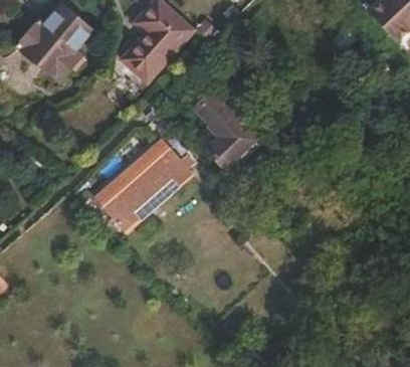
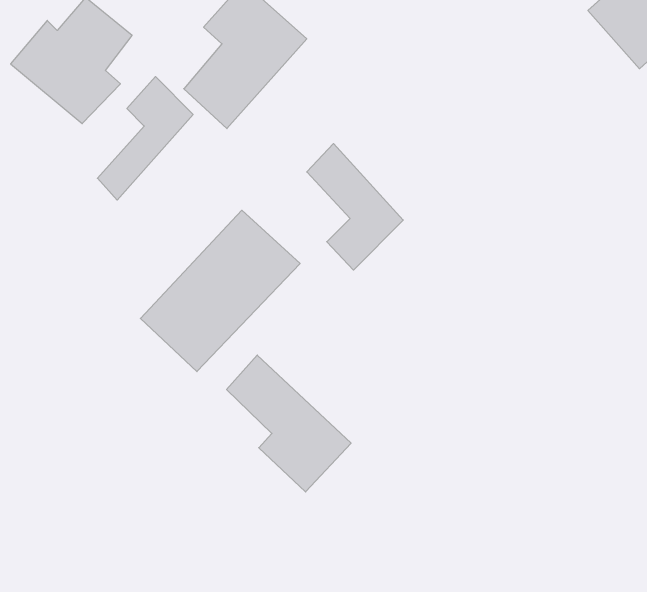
building: none -> [97,77,193,200]
building: none -> [227,355,351,492]

